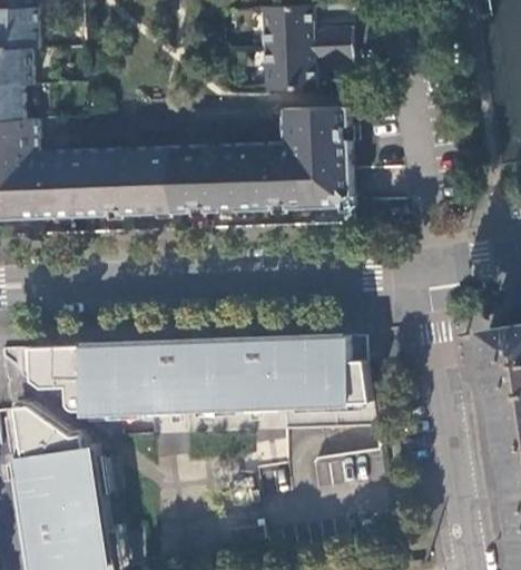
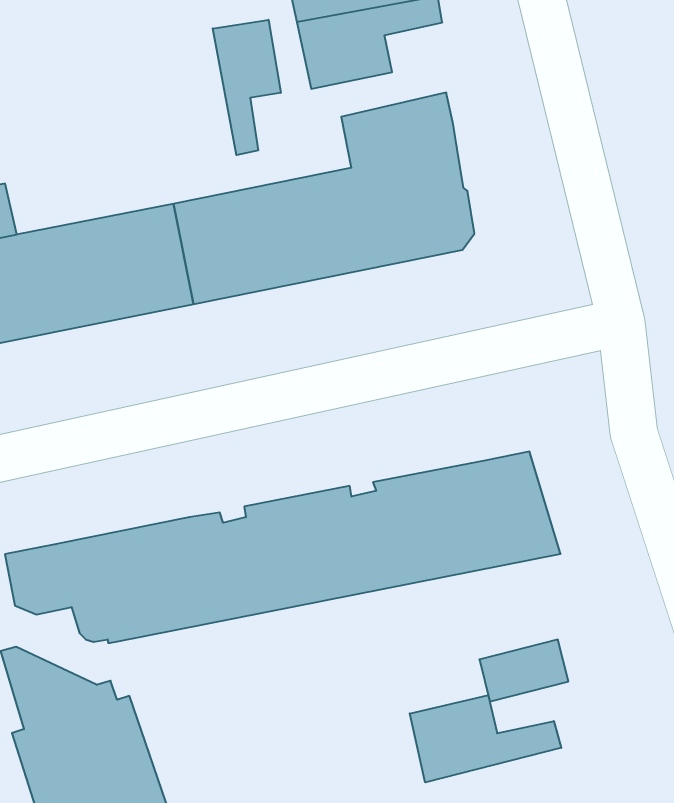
building: none -> [213,20,281,155]
building: none -> [410,695,561,782]

